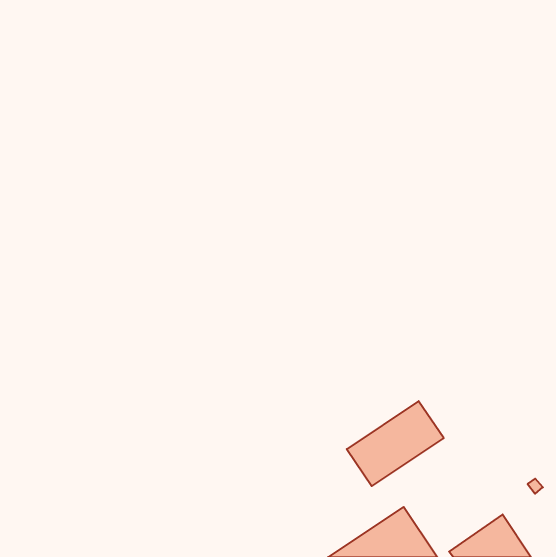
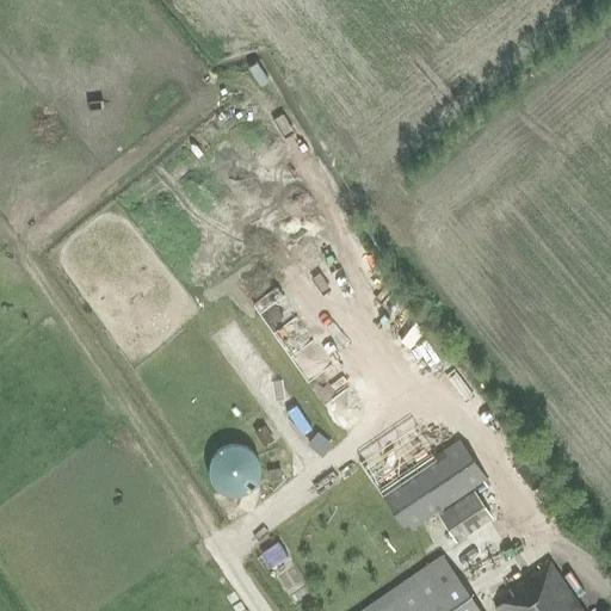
building: none -> [209,445,260,496]
building: none -> [438,490,493,543]

